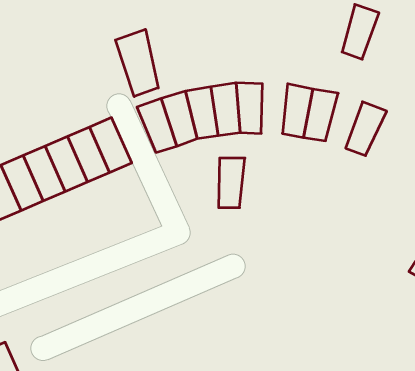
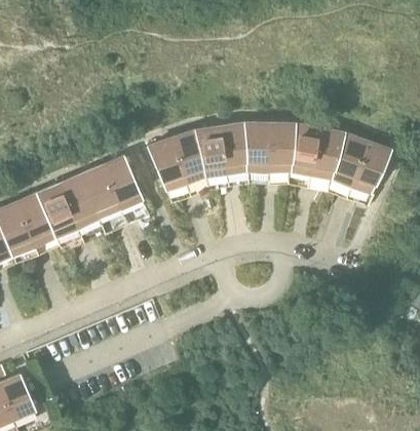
building: [342,4,379,59] -> [331,133,367,187]
building: [115,29,158,97] -> none
building: [219,158,245,208] -> [268,124,294,172]

